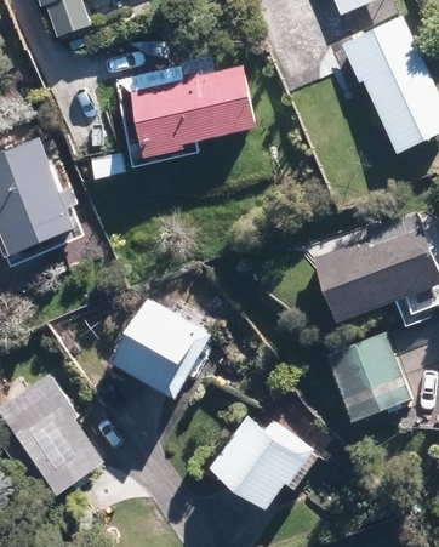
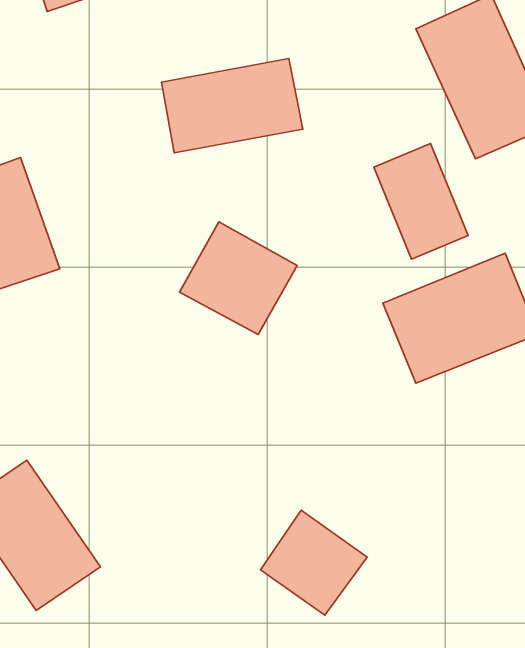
building: none -> [374,144,468,259]
building: [116,308,207,395] -> [180,222,297,335]
building: [332,337,409,417] -> none

